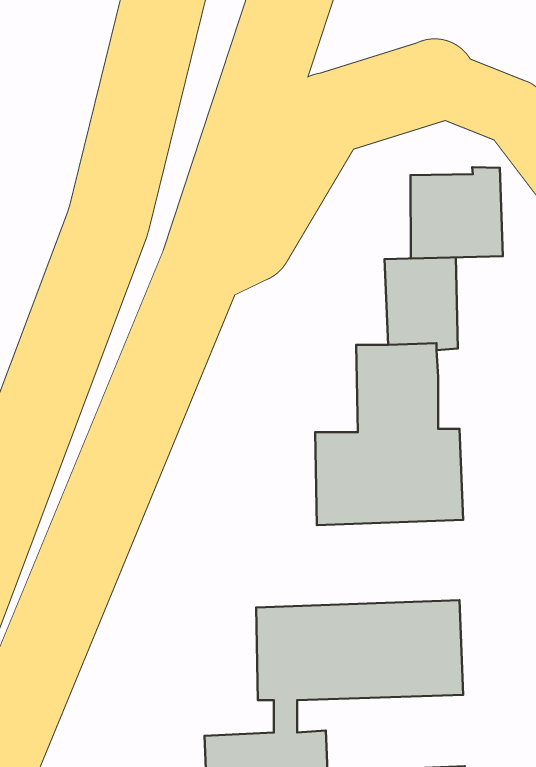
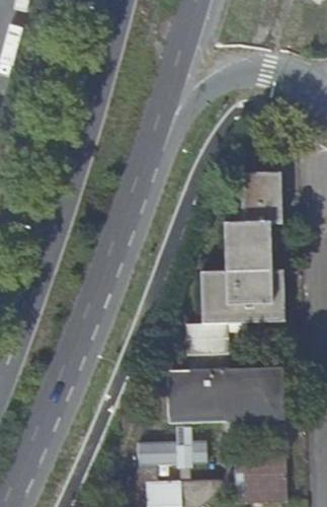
building: [411,167,503,258] -> none

